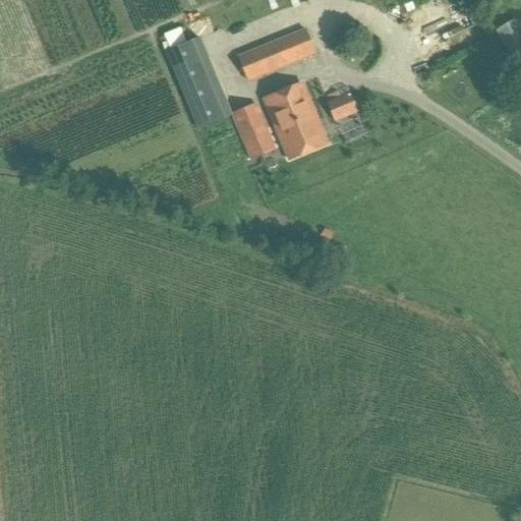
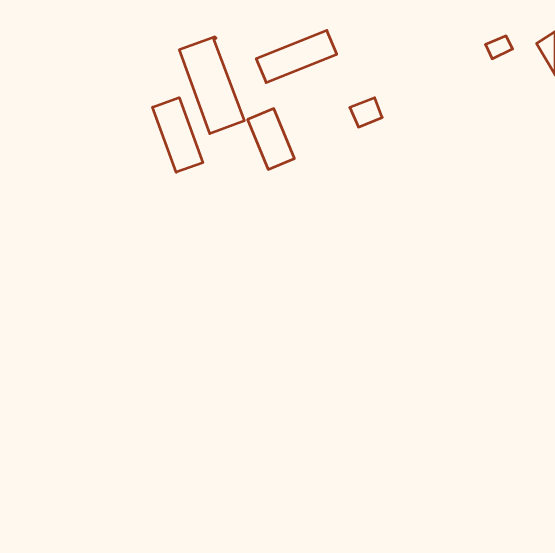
building: [266,83,326,157] -> none
building: none -> [153,98,203,172]

